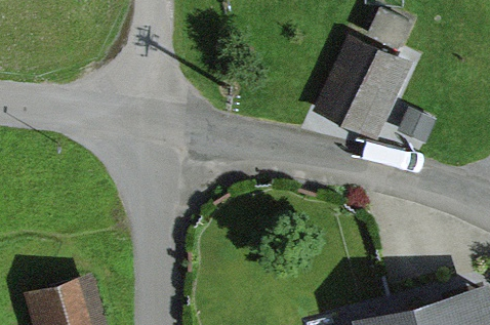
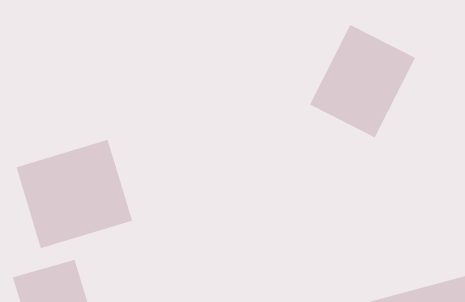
building: none -> [15,139,133,249]

